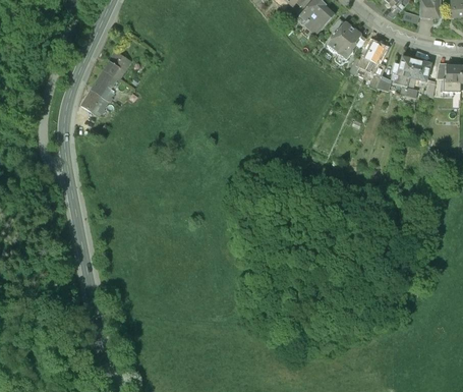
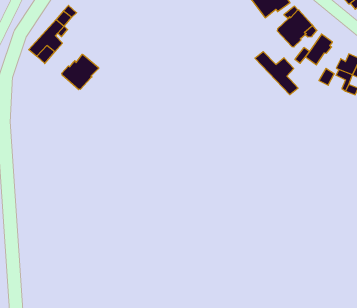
building: none -> [255,52,298,95]
building: none -> [62,54,99,90]

